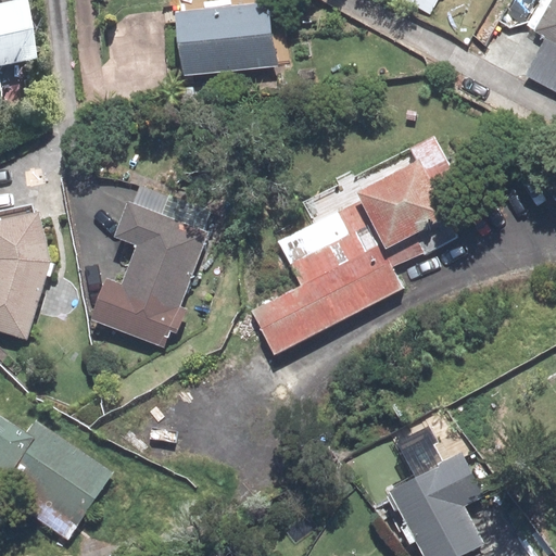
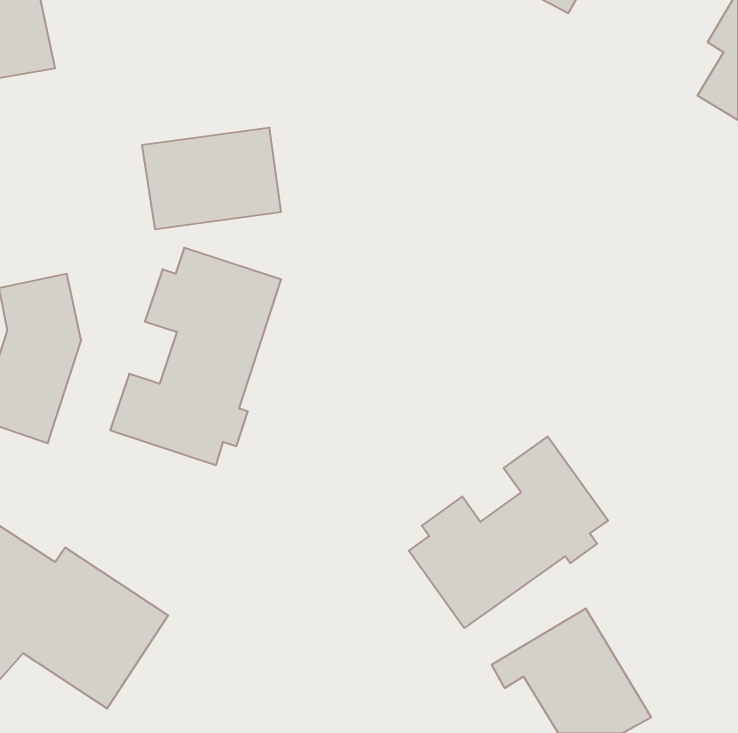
building: [168,5,273,81] -> [142,128,281,229]
building: [248,134,458,358] -> none
building: none -> [409,436,608,628]

